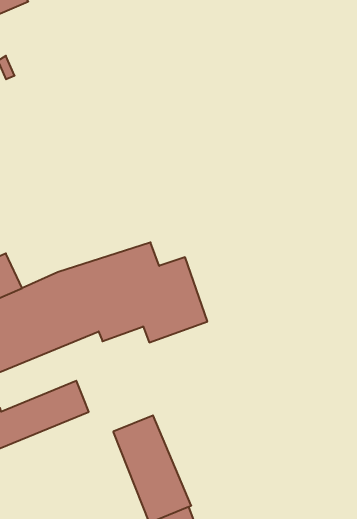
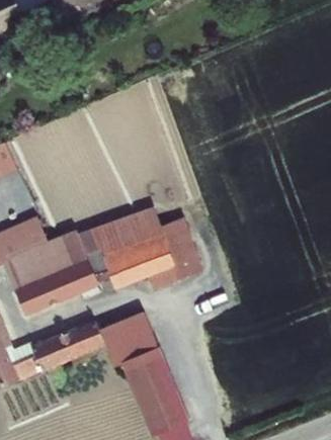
building: none -> [99,318,156,368]

